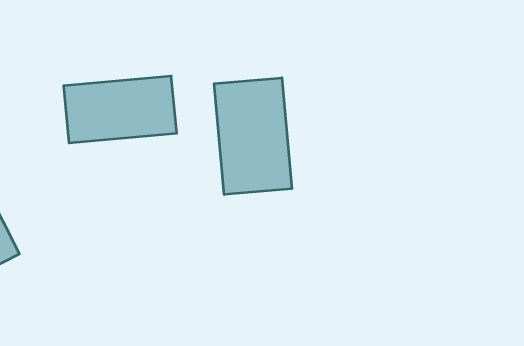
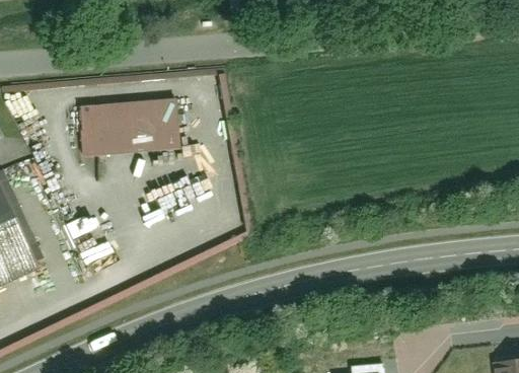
building: [214,78,292,195] -> none

